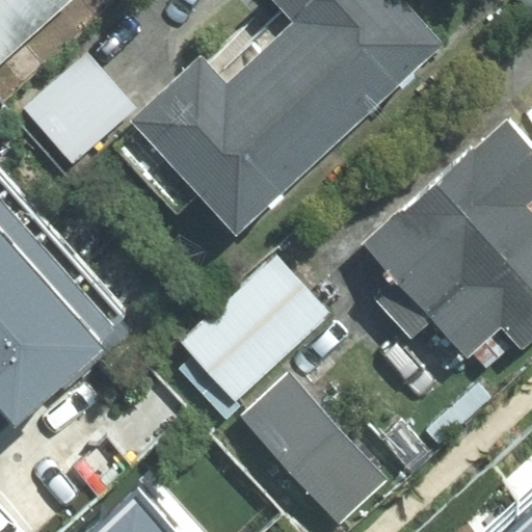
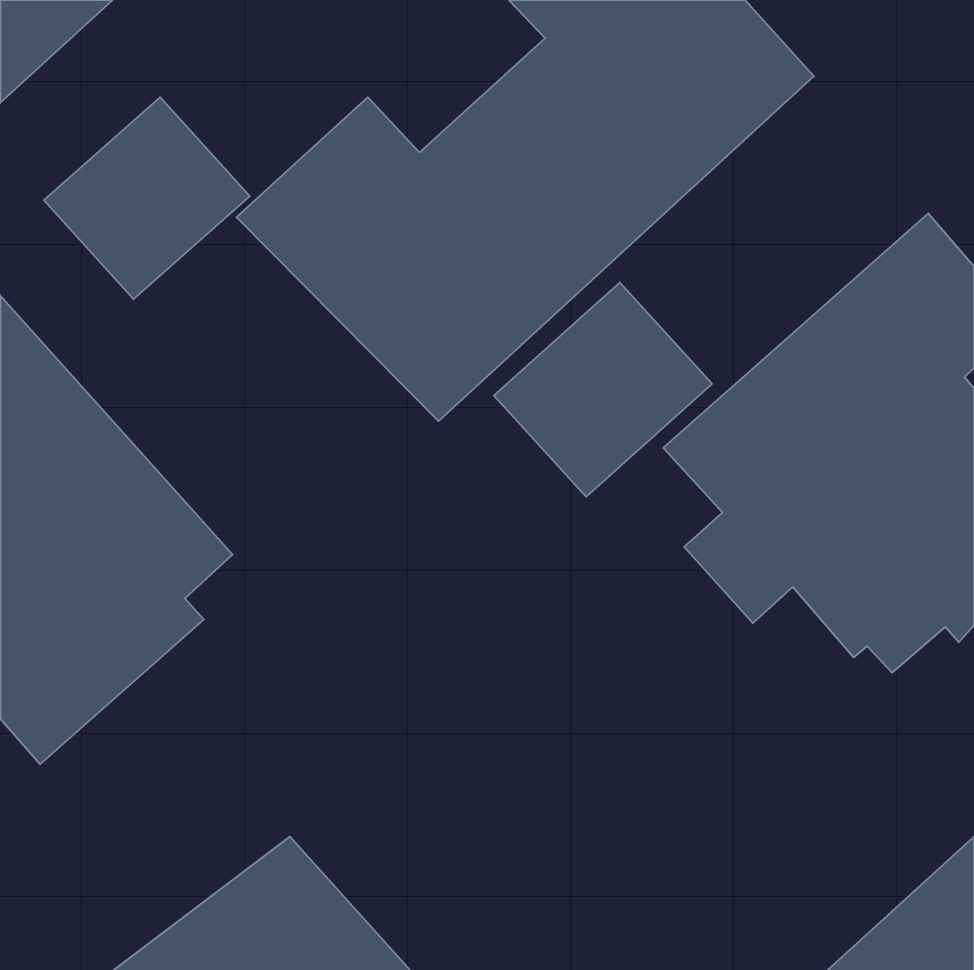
building: none -> [494,282,712,497]
building: [182,257,330,401] -> none
building: [243,376,388,525] -> none

